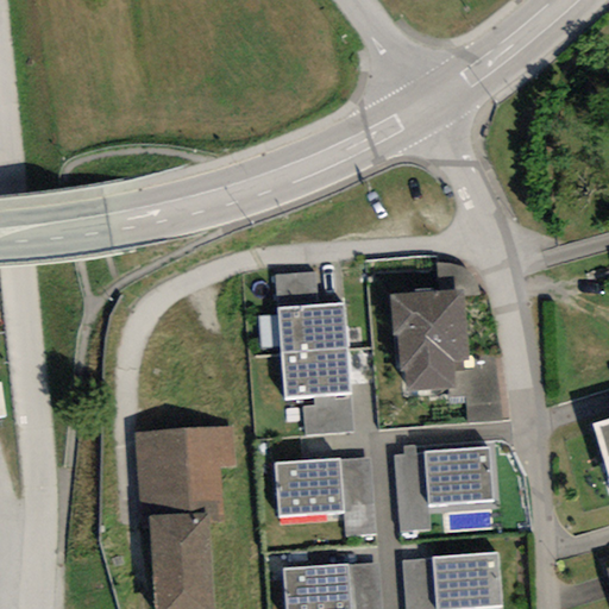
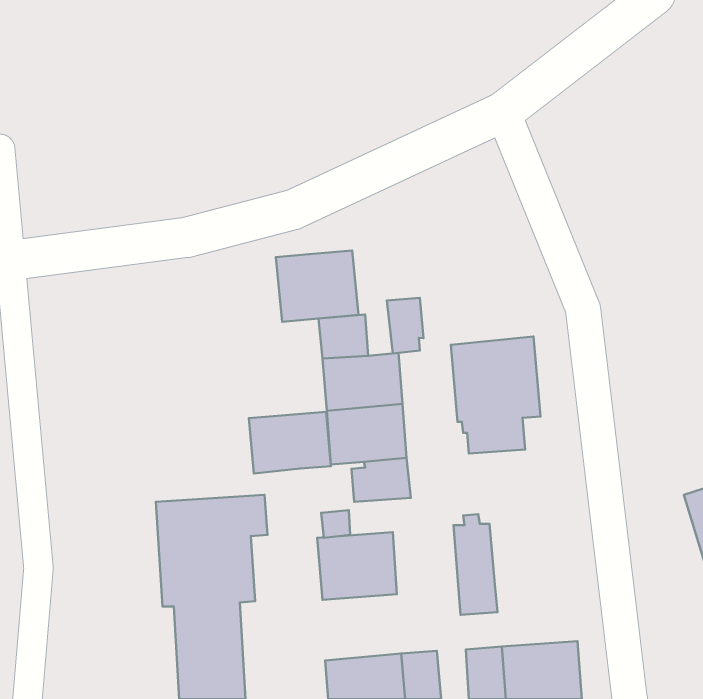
building: none -> [276,251,359,322]
building: none -> [387,298,423,353]
building: none -> [249,412,331,474]
building: [423,446,494,504] -> none
building: [340,457,376,535] -> none

